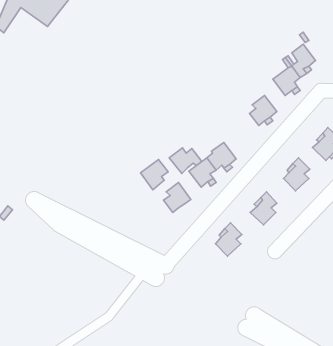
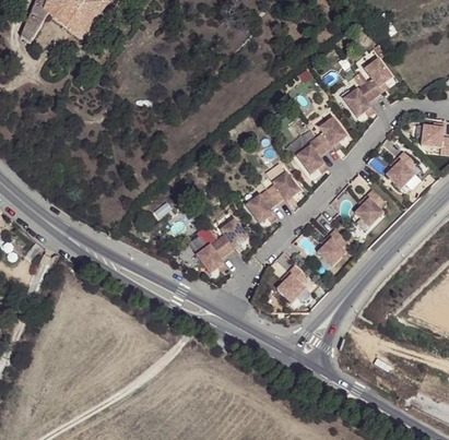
building: none -> [296,136,326,174]
building: [169,148,202,174] -> none
building: [141,159,168,190] -> [194,237,226,272]

